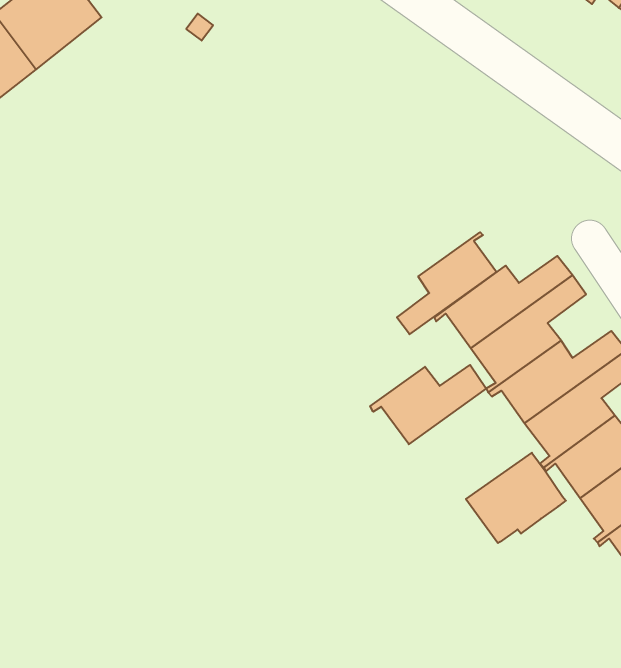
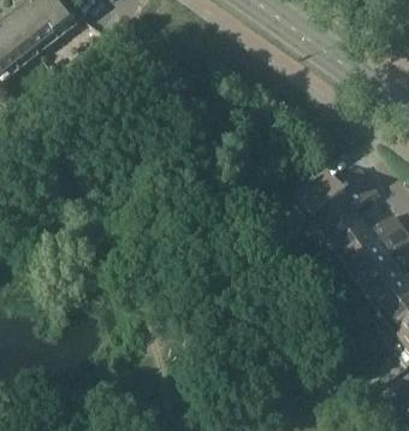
building: [397,232,497,334] -> none
building: [370,365,486,444] -> none
building: [466,453,566,543] -> none

